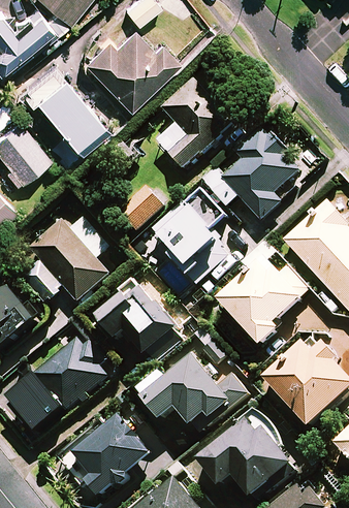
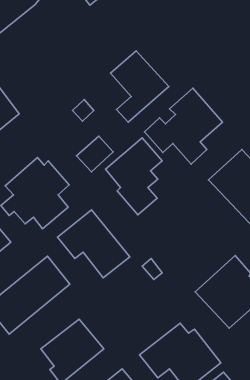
building: [83,27,177,108] -> none
building: [34,73,106,151] -> none
building: [220,242,308,345] -> none
building: [137,350,246,431] -> none

